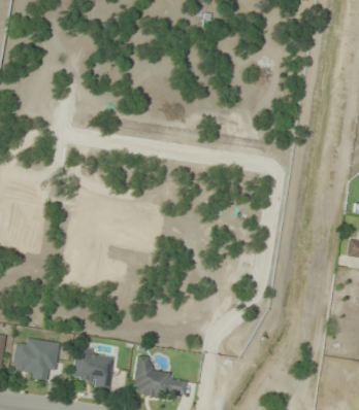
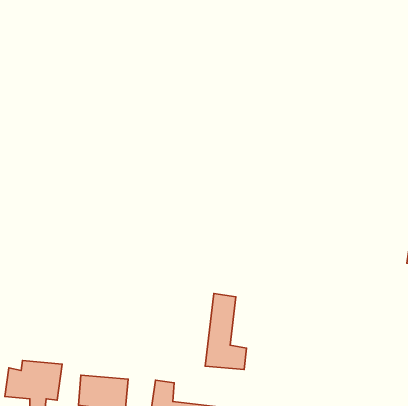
building: none -> [205,294,247,370]

